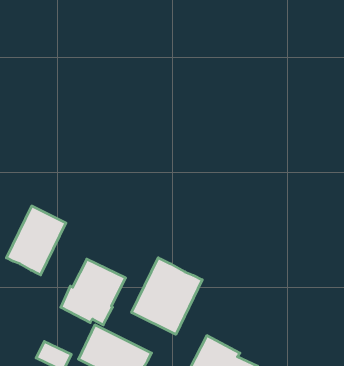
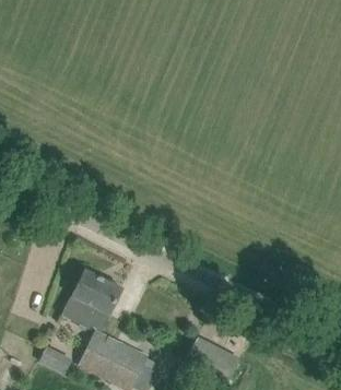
building: [6,206,66,275] -> none
building: [132,258,202,334] -> none

